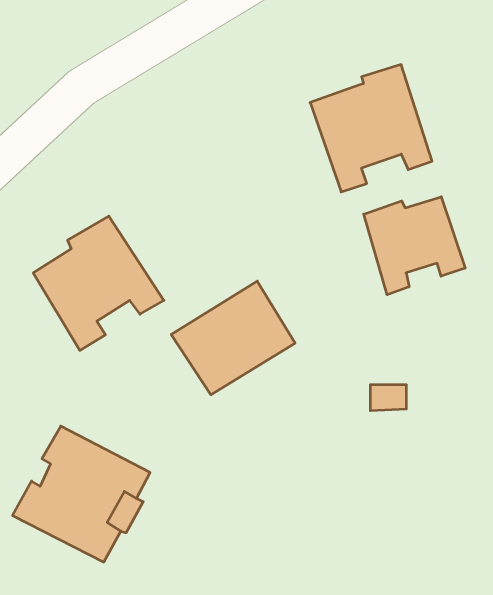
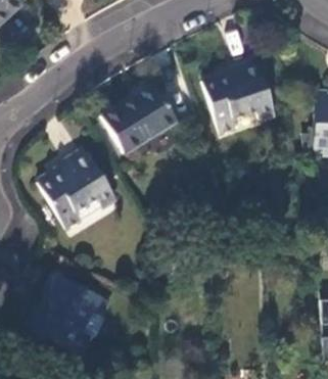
building: [364,197,465,295] -> none
building: [171,281,295,395] -> [103,85,177,152]

